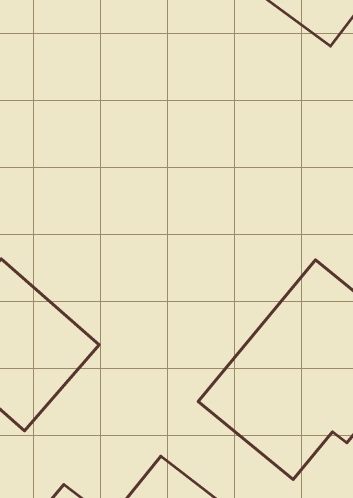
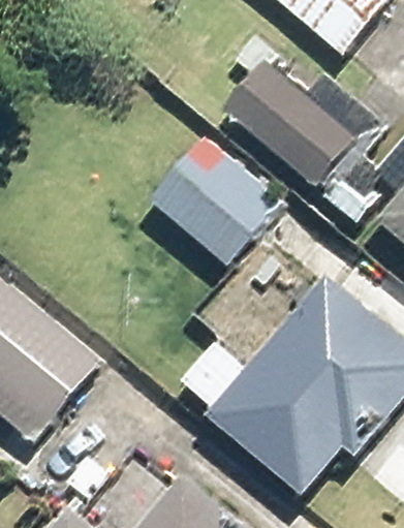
building: none -> [226,58,362,182]
building: none -> [160,136,290,267]

